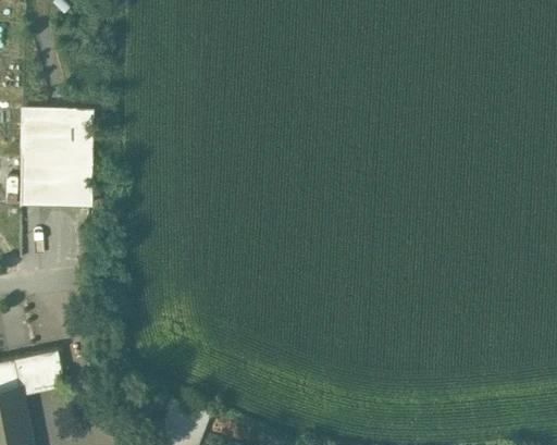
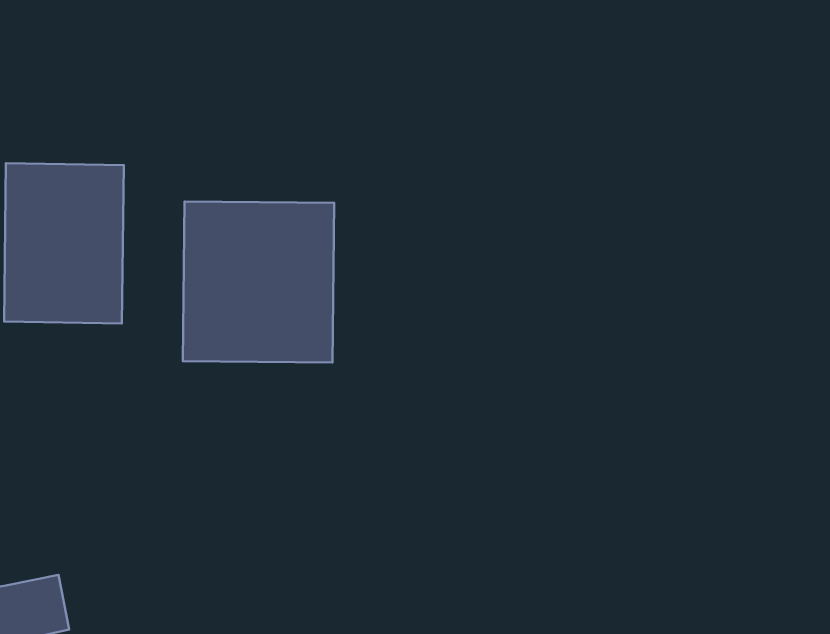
building: none -> [183,202,334,362]

